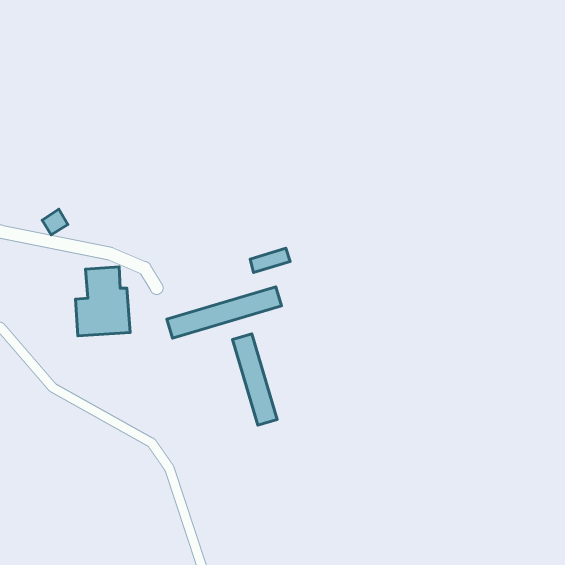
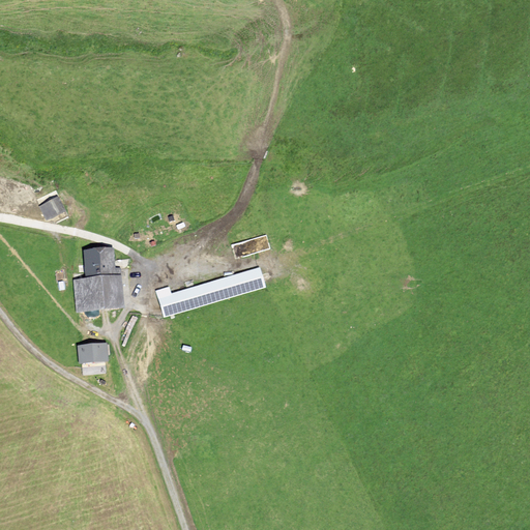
building: [232,334,277,425] -> none
building: none -> [78,343,109,366]

